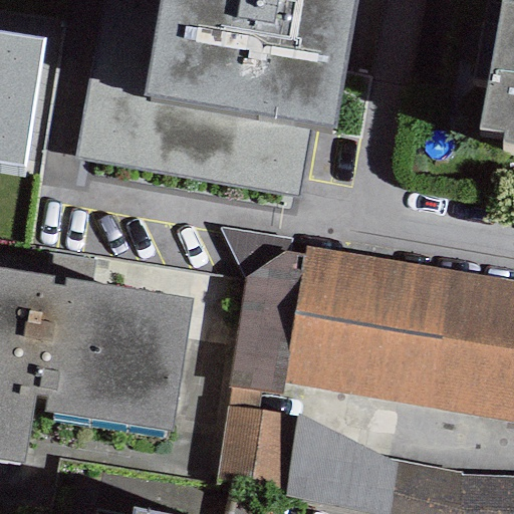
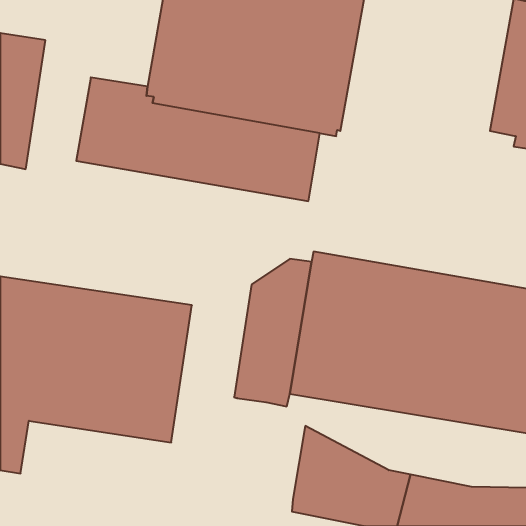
building: [217,388,298,486] -> none

